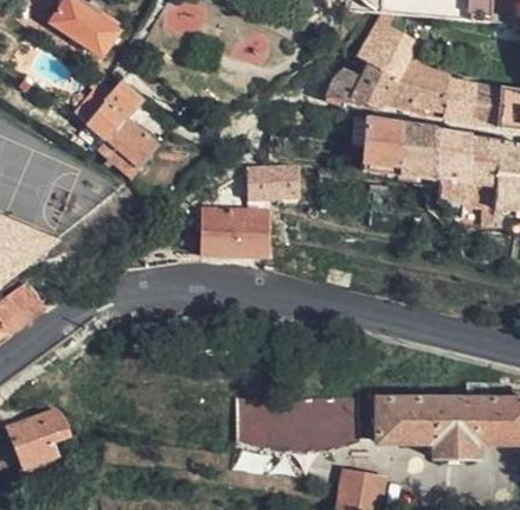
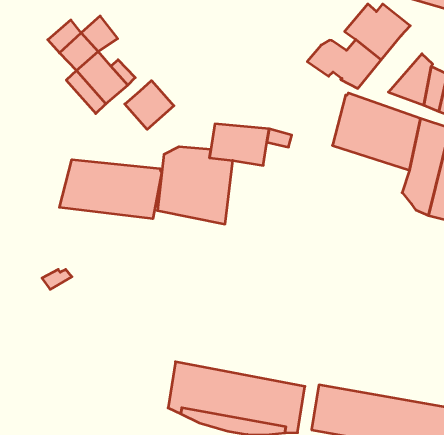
building: [379,51,431,107] -> none
building: none -> [125,81,174,129]
building: none -> [59,160,162,219]

